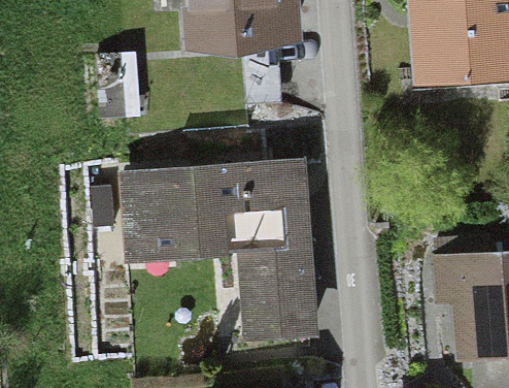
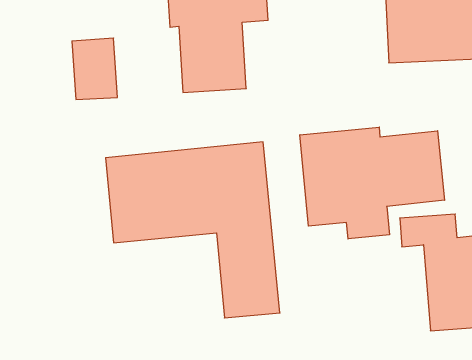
building: none -> [300,127,445,239]

